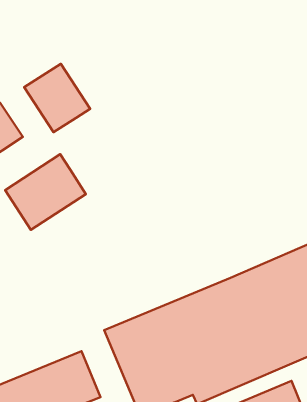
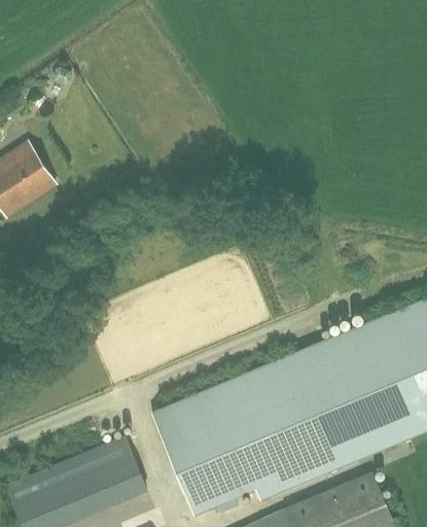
building: [24,64,90,132] -> none
building: [5,154,86,230] -> none

